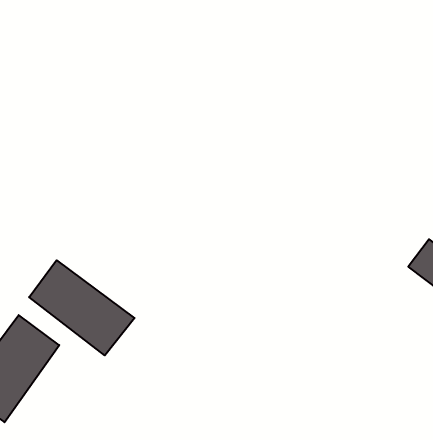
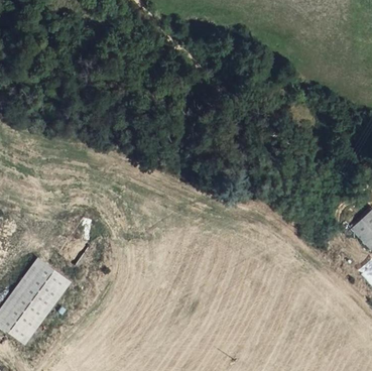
building: [29,260,135,355] -> none

